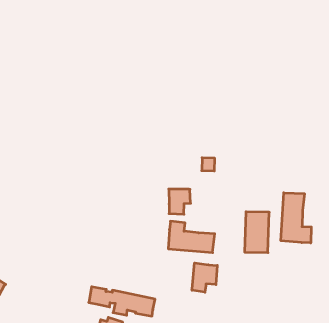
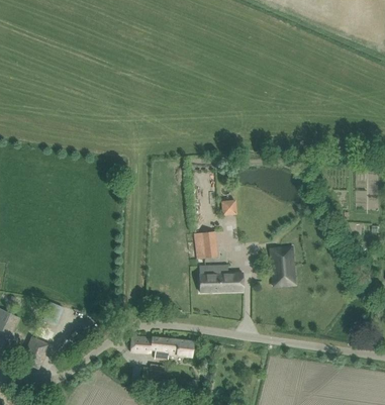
building: [281,193,311,243] -> none
building: [192,263,217,292] -> none

